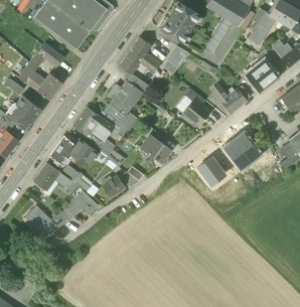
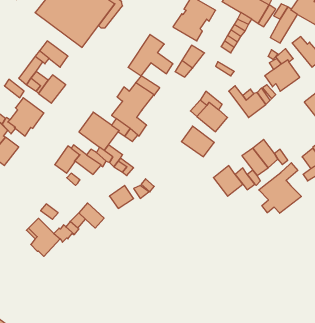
building: [140,134,170,162] -> [181,126,214,157]
building: none -> [259,163,301,213]
building: [33,163,69,190] -> none

